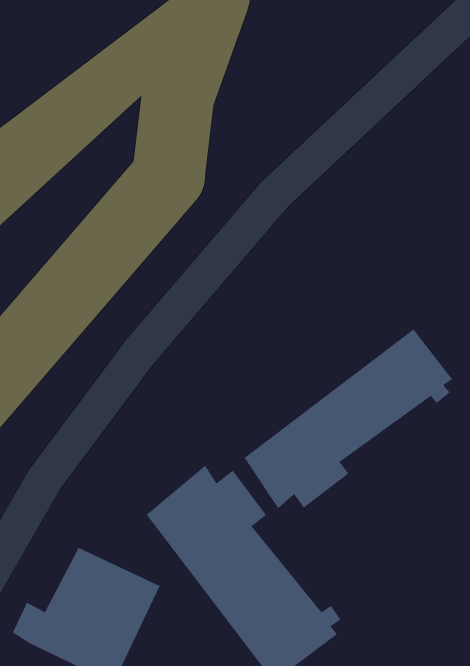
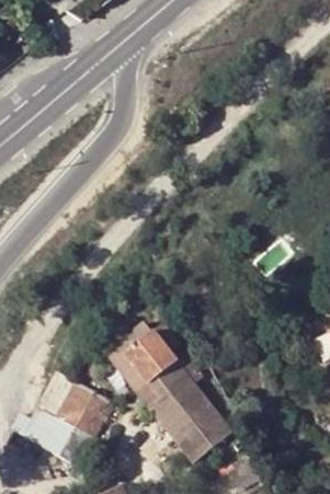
building: [244,329,453,509] -> none

